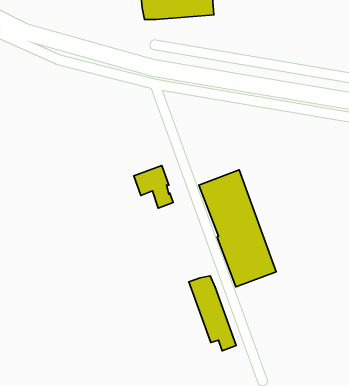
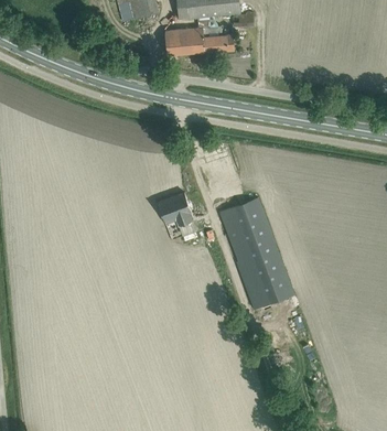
building: [189,276,236,351] -> none

